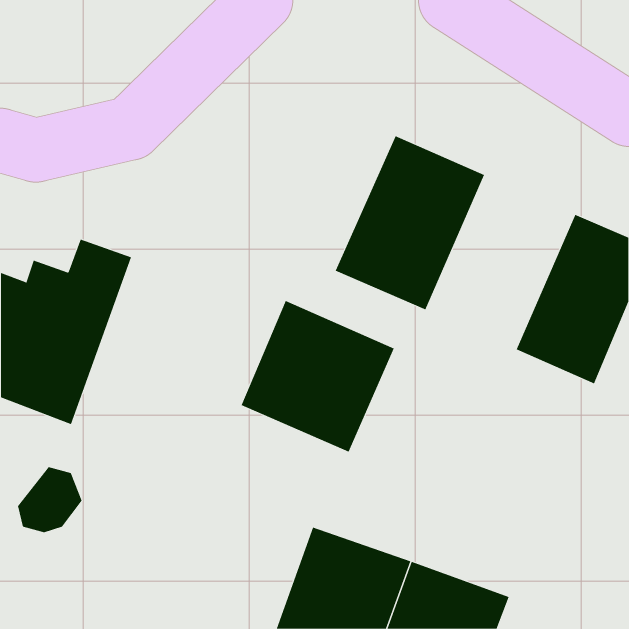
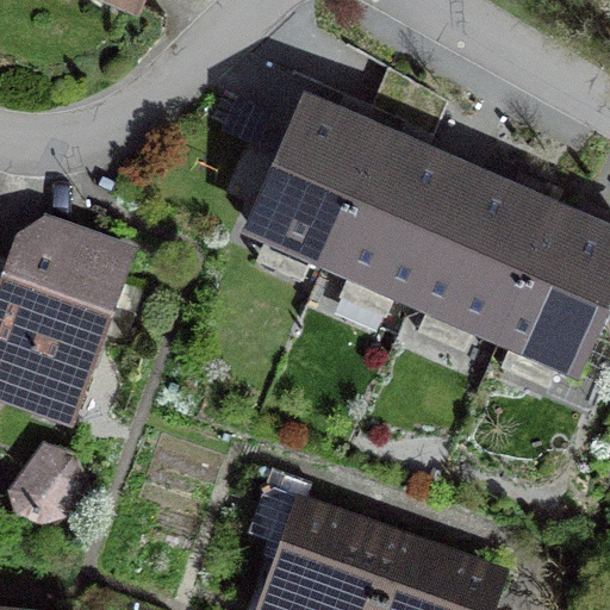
building: none -> [248,98,382,262]
building: none -> [412,169,556,338]
building: [241,300,395,453] -> none

